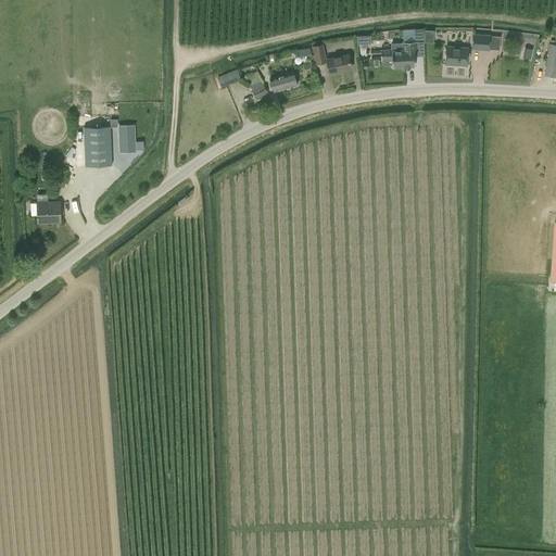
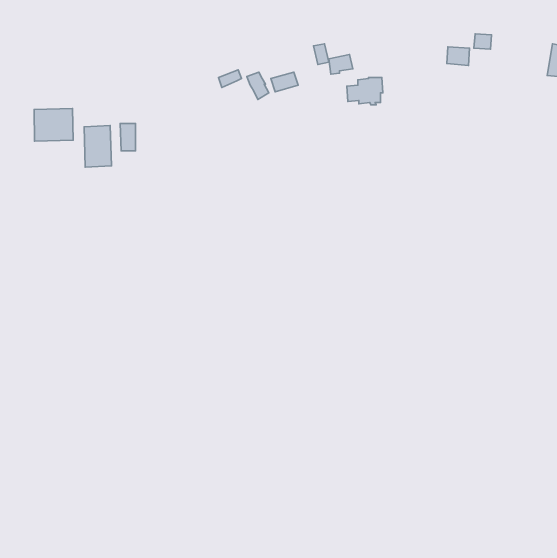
building: [381,41,417,68] -> [347,78,383,105]
building: none -> [34,109,73,141]
building: [37,201,61,223] -> none

